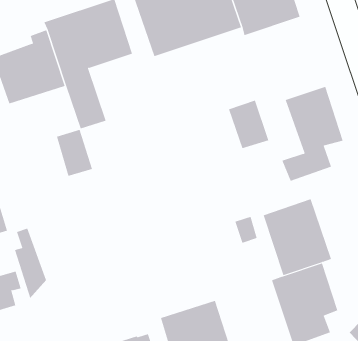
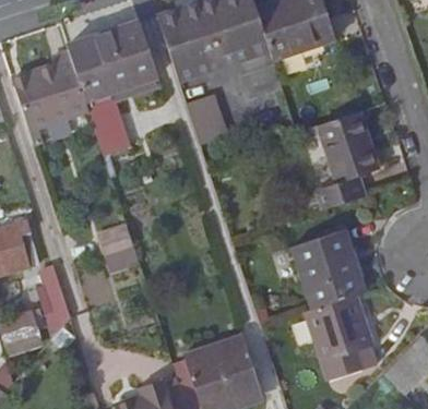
building: [228,100,269,149] -> [189,96,231,147]
building: [56,129,93,176] -> [102,226,140,275]

